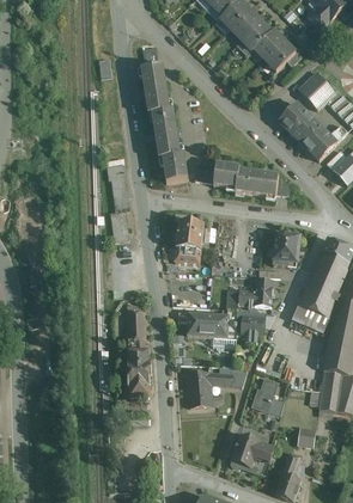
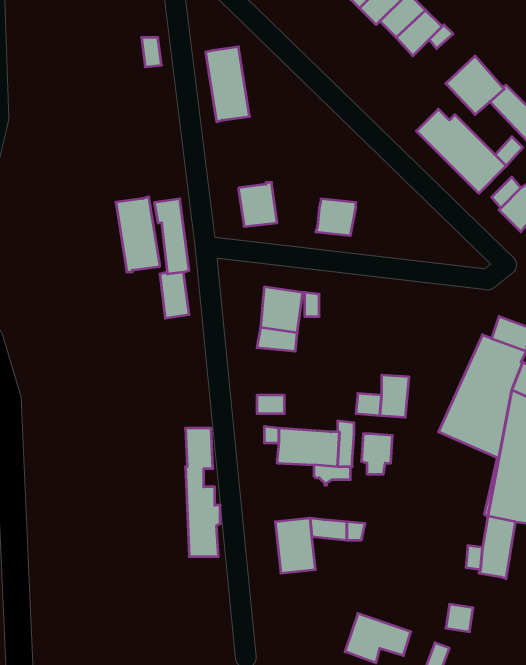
building: [151,108,179,157] -> [116,197,160,272]
building: [235,168,278,196] -> none
building: [273,232,299,265] -> none
building: [252,378,282,413] -> none

